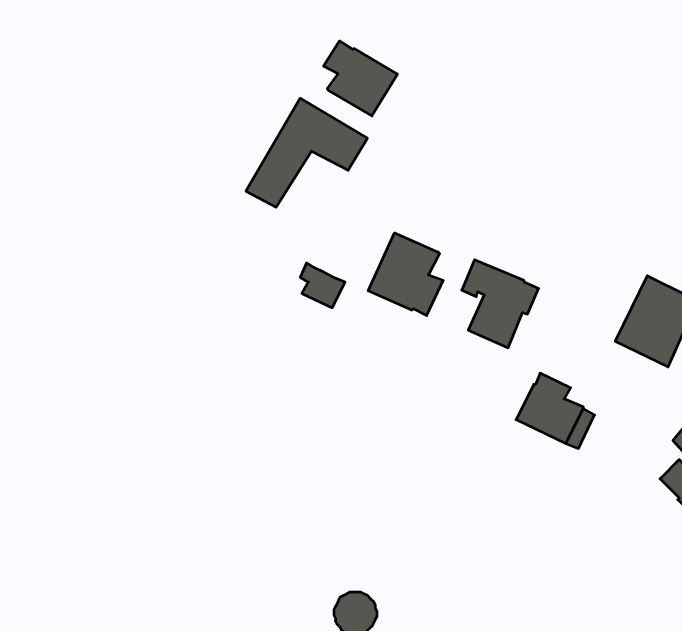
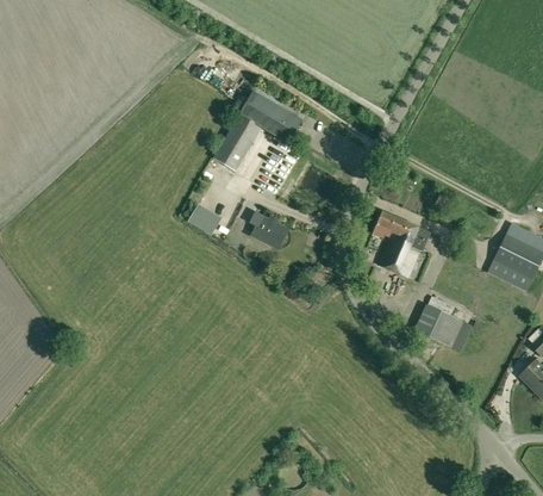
building: [324,41,397,116] -> none
building: [368,233,443,316] -> none
building: none -> [188,206,220,236]

